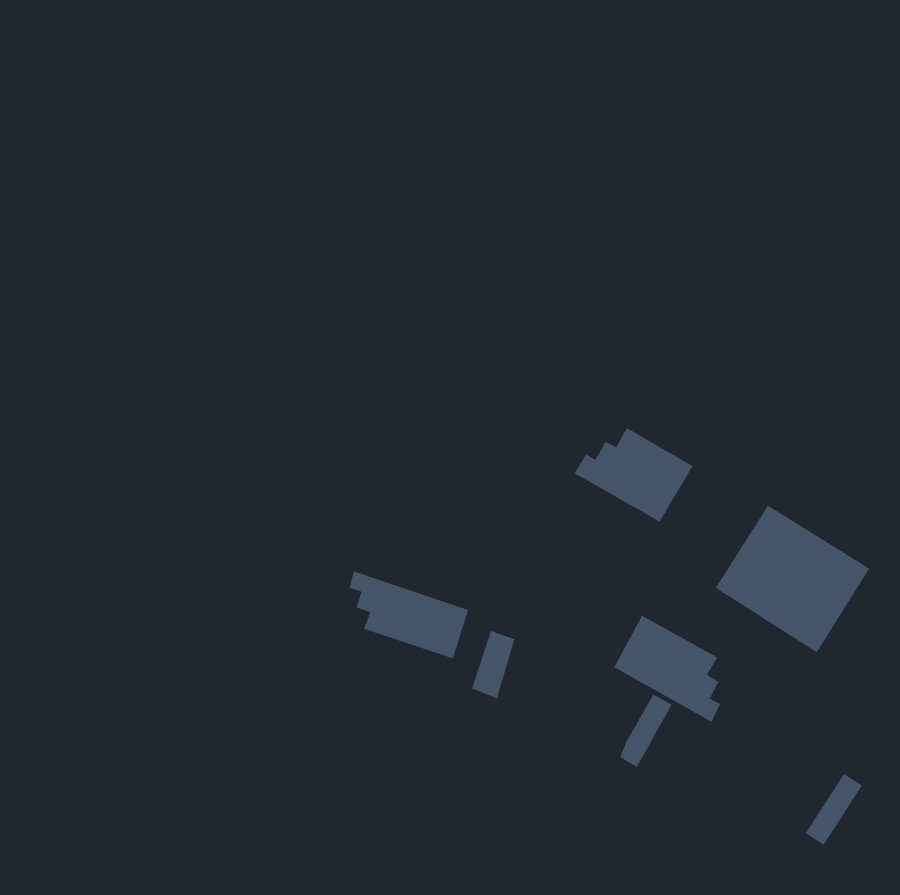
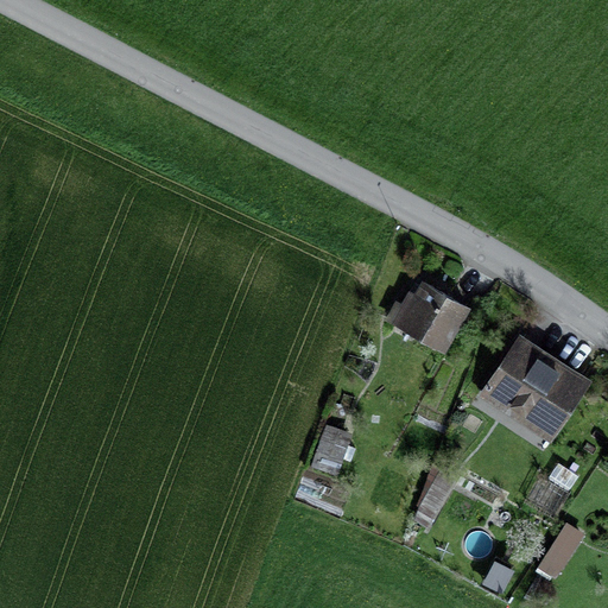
building: [349,571,469,659] -> none
building: [613,615,721,723] -> none

